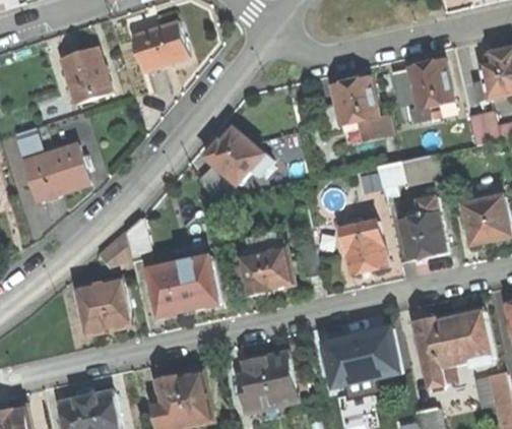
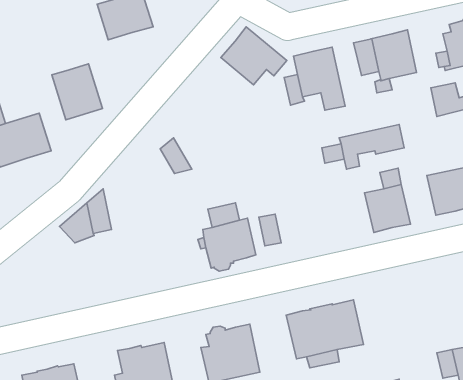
building: [61,45,112,101] -> [52,64,103,120]
building: [204,126,270,184] -> [221,27,287,85]
building: [341,221,387,273] -> none
building: [148,257,218,316] -> none
building: [76,278,131,335] -> none
building: [412,309,493,388] -> none

